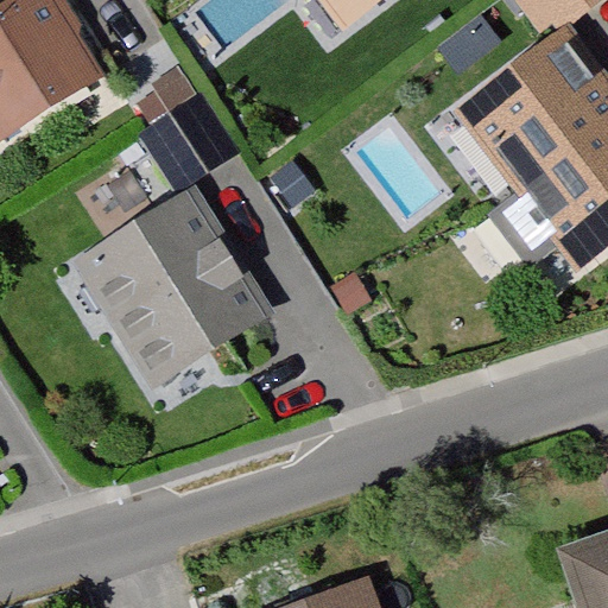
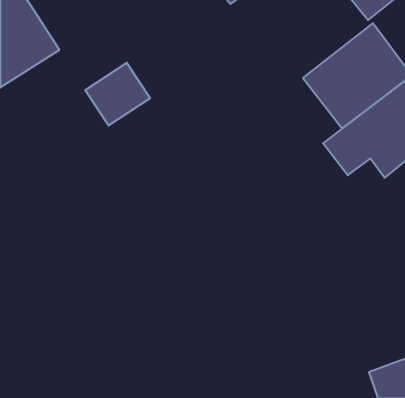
building: [75,191,265,382] -> none

